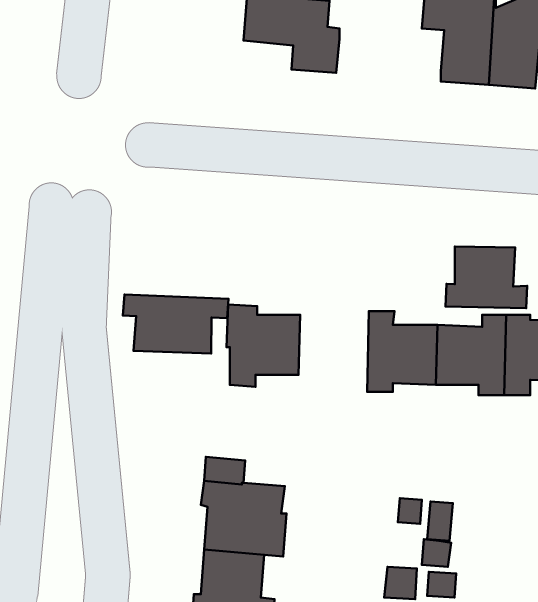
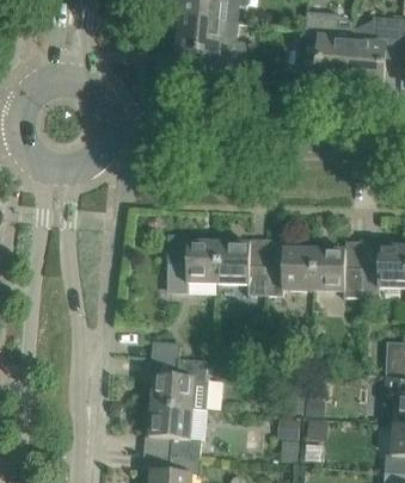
building: [445,247,527,308] -> none
building: [123,295,229,353] -> none
building: none -> [216,239,265,295]

